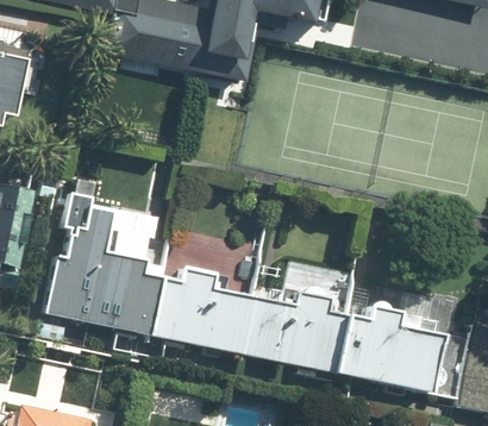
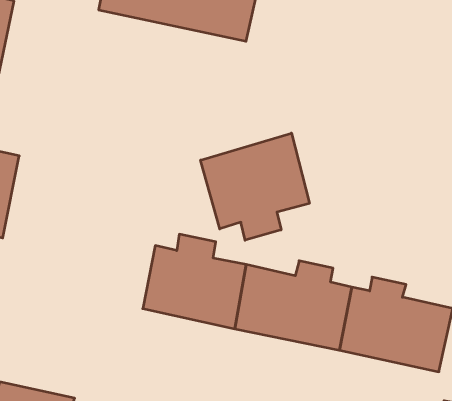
building: none -> [201,133,309,240]
building: [45,192,162,334] -> none

